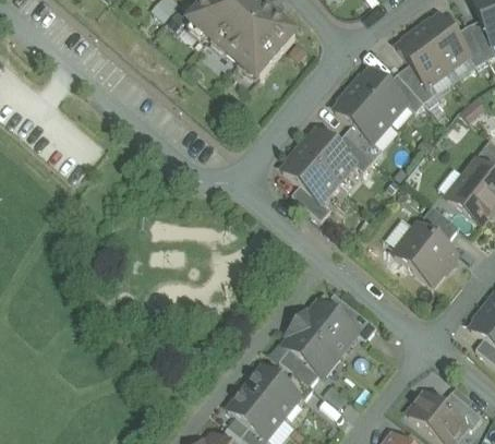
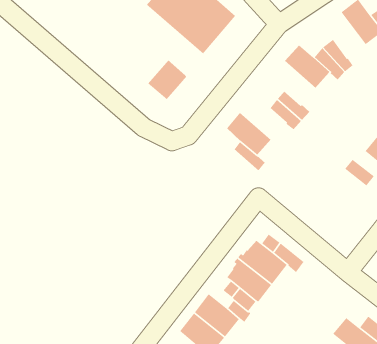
building: [396,31,447,85] -> none
building: none -> [147,60,187,100]
building: [334,88,388,141] -> none
building: [299,129,353,181] -> none
building: [393,223,456,284] -> none

